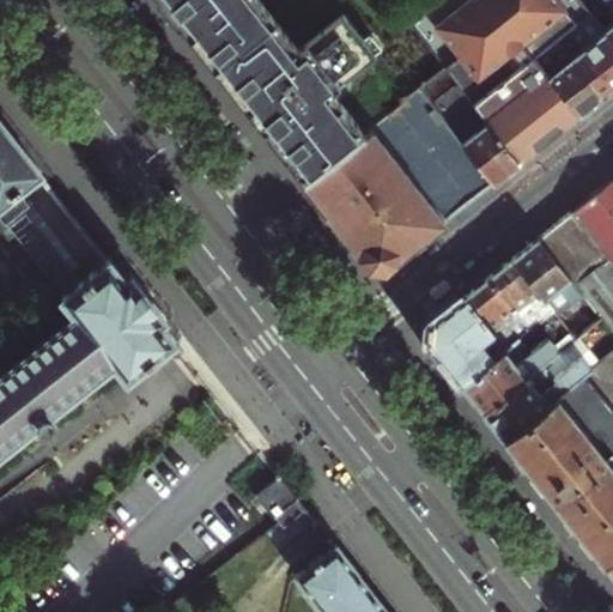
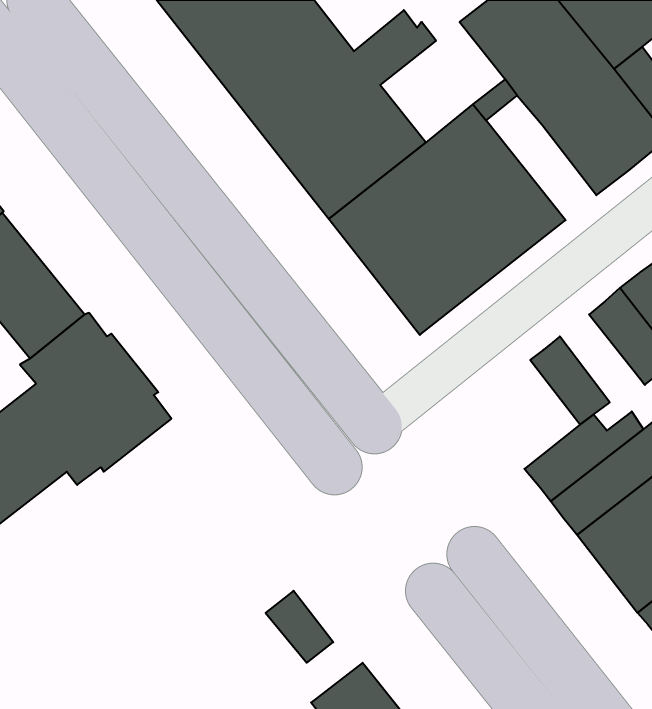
building: [451,108,522,186] -> none
building: [492,262,558,334] -> none
building: [431,299,509,388] -> none

